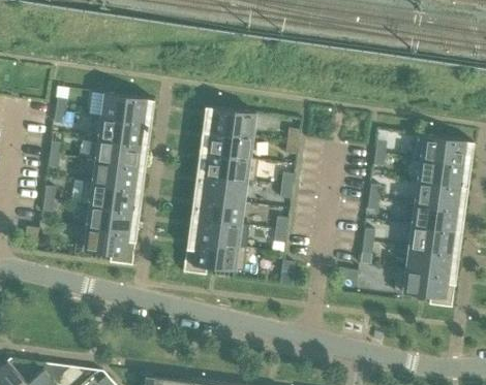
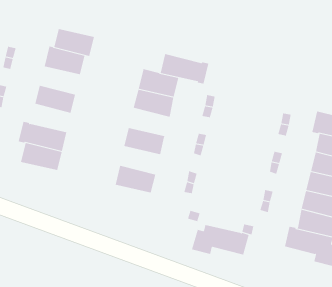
building: [98,116,144,143] -> [53,28,95,56]
building: [204,152,259,182] -> [160,53,209,84]
building: [92,159,138,187] -> none
building: [199,196,244,224] -> none
building: [83,226,135,264] -> none
building: [183,240,247,274] -> [191,224,250,255]

